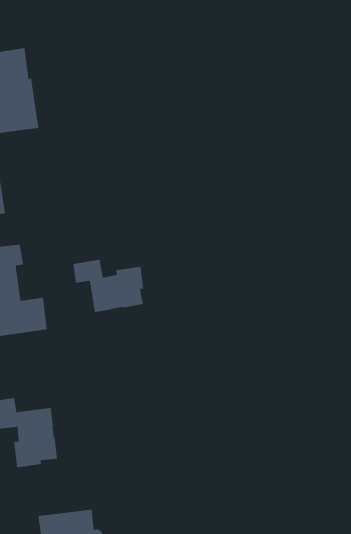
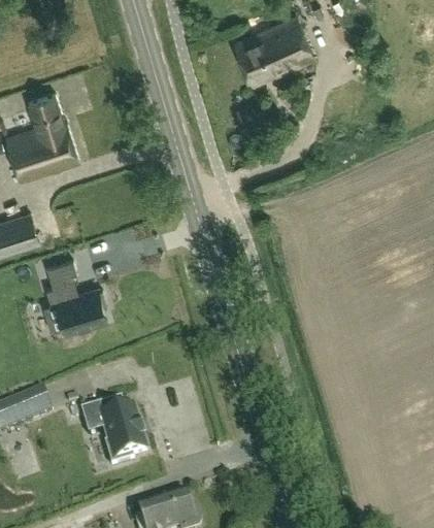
building: none -> [234,14,313,84]
building: [73,259,144,313] -> none

